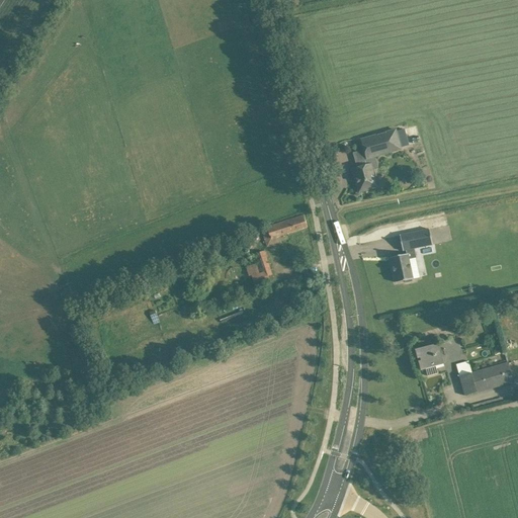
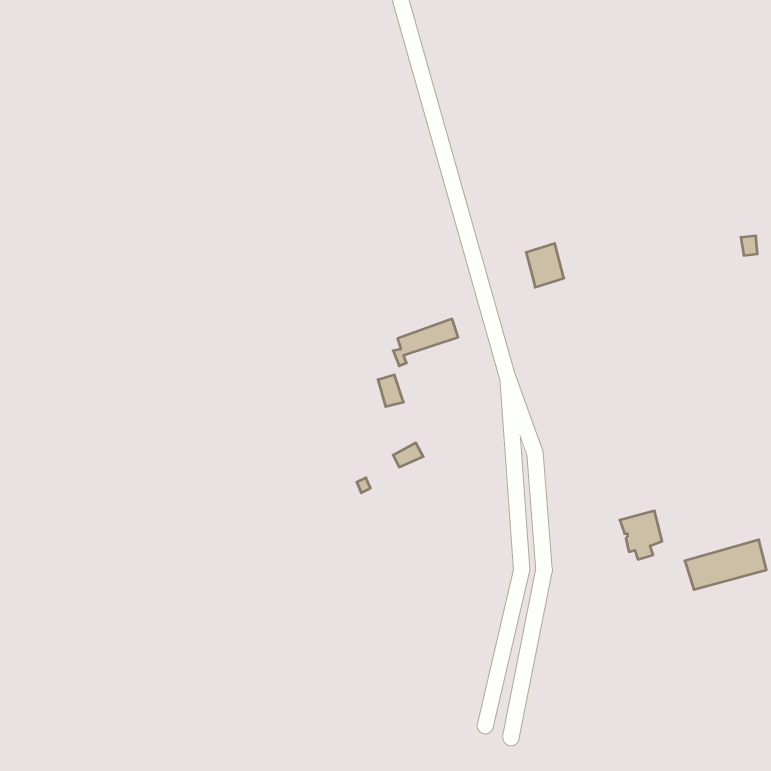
building: [361,128,401,158] -> none
building: [390,228,432,281] -> none

